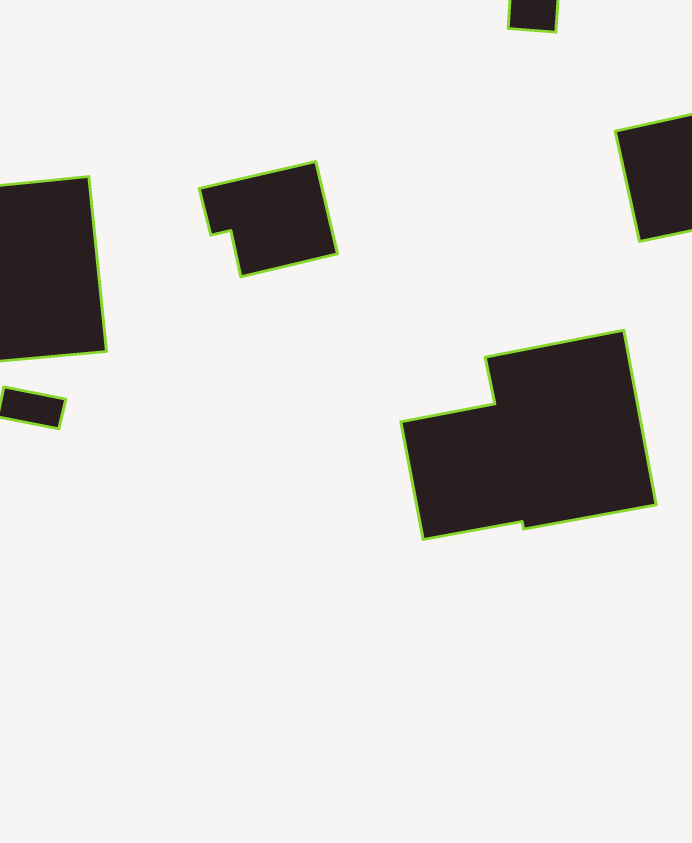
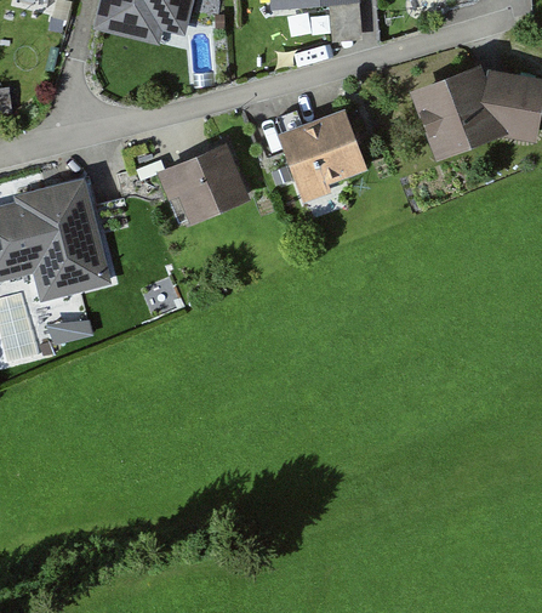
building: none -> [276,109,367,203]
building: [401,330,656,539] -> none

